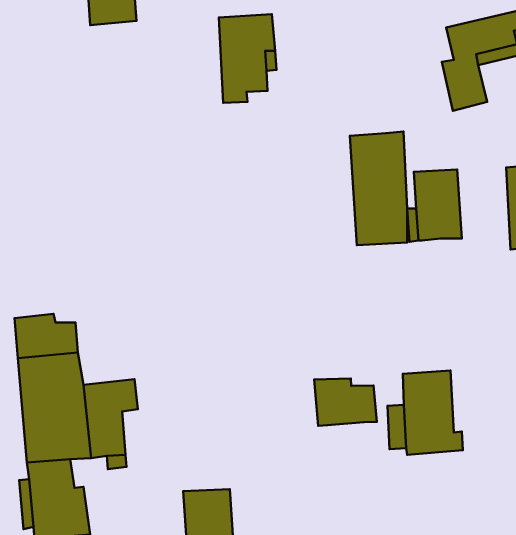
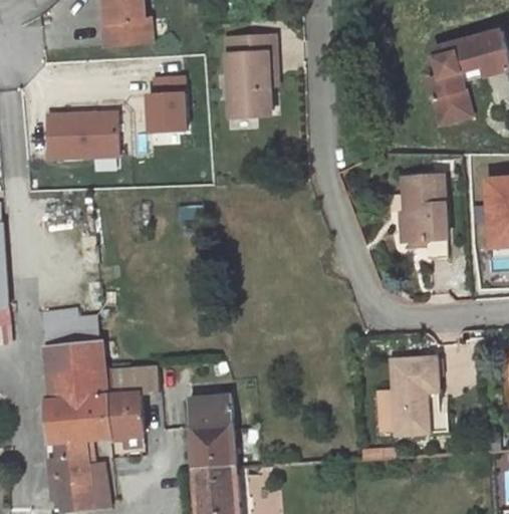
building: none -> [148,77,186,133]
building: none -> [45,112,117,160]
building: [350,131,407,245] -> none
building: [314,378,377,426] -> none
building: none -> [189,397,236,468]

